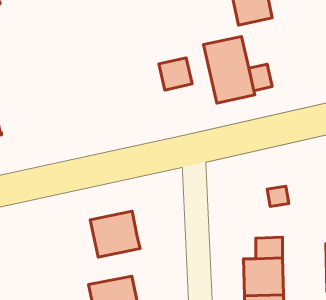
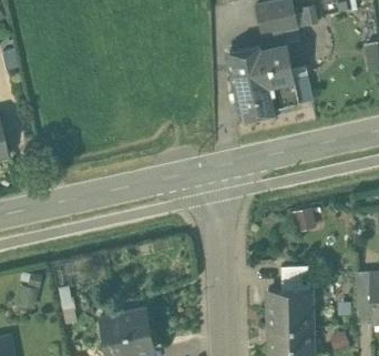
building: none -> [266,44,294,83]
building: [159,58,192,90] -> none
building: [90,211,140,257] -> none

